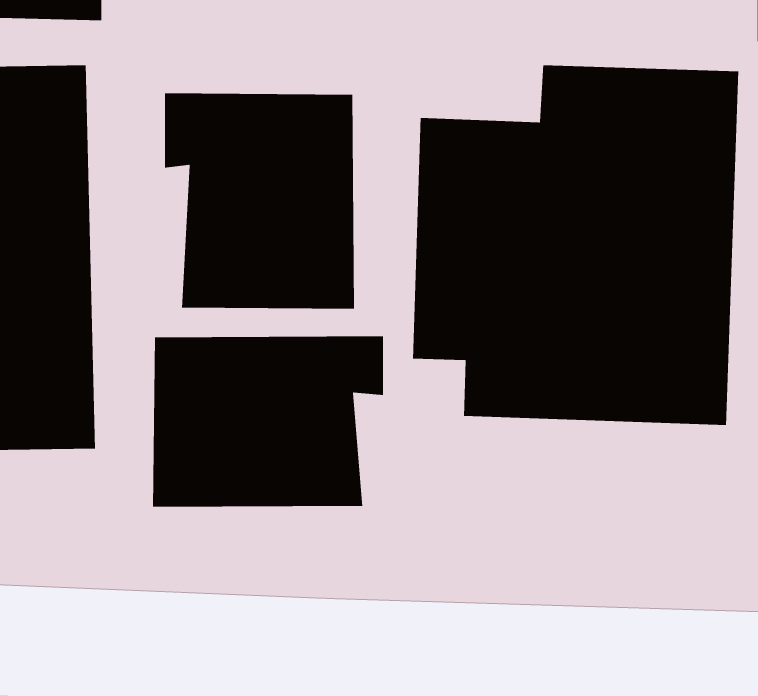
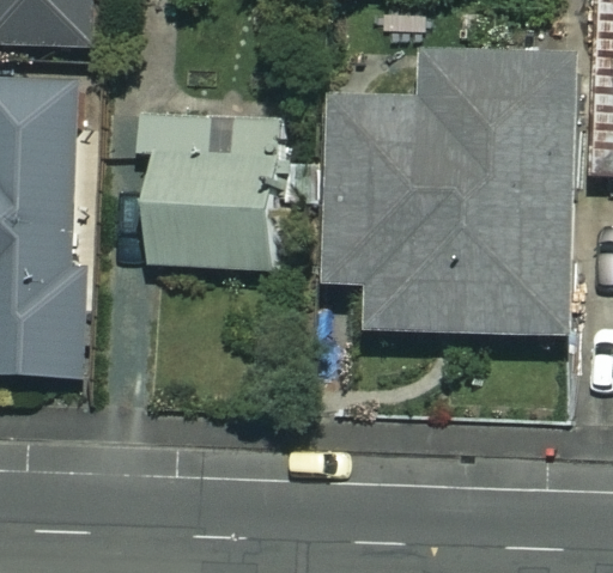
building: [152,336,384,508] -> none

